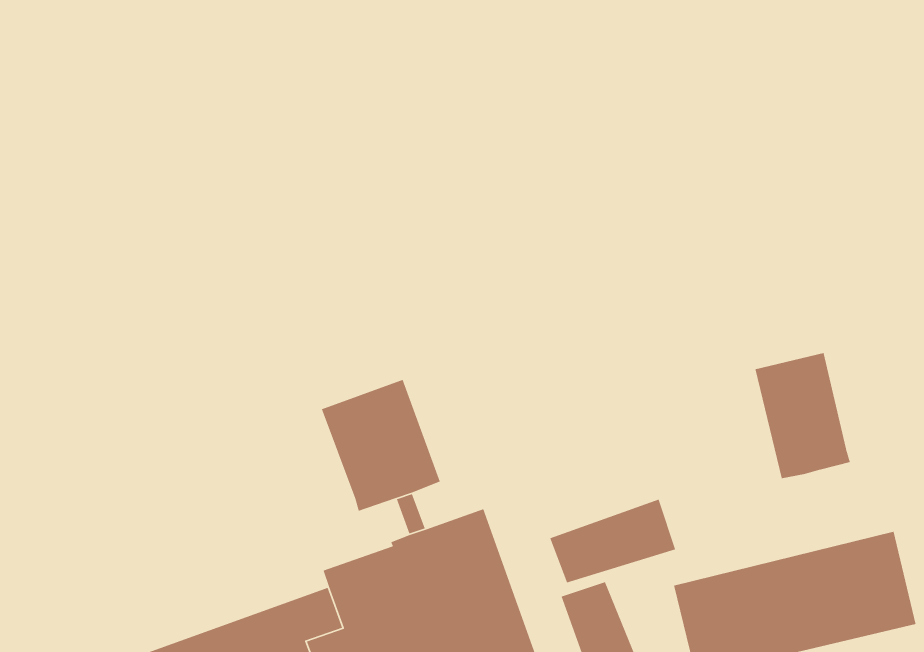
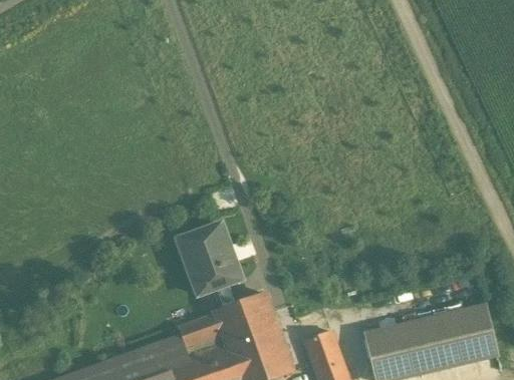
building: [755,352,851,479] -> none
building: [549,498,676,584] -> none

